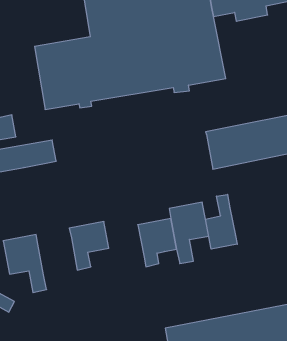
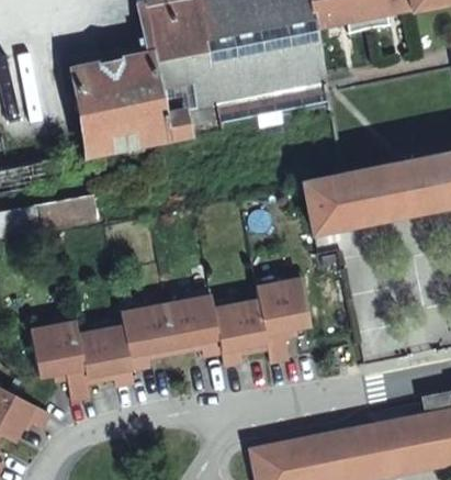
building: [206,194,237,249] -> none
building: none -> [167,295,222,356]
building: none -> [77,326,133,387]

